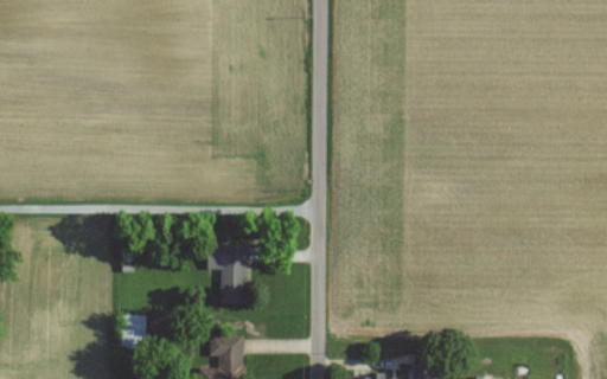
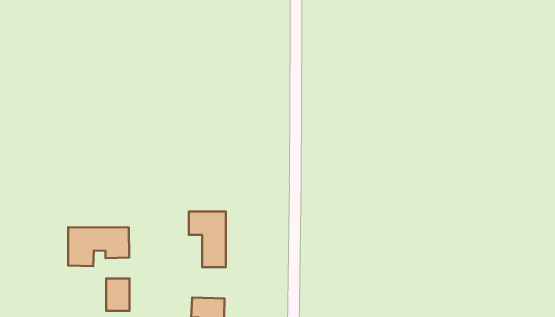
building: none -> [68,227,129,266]

